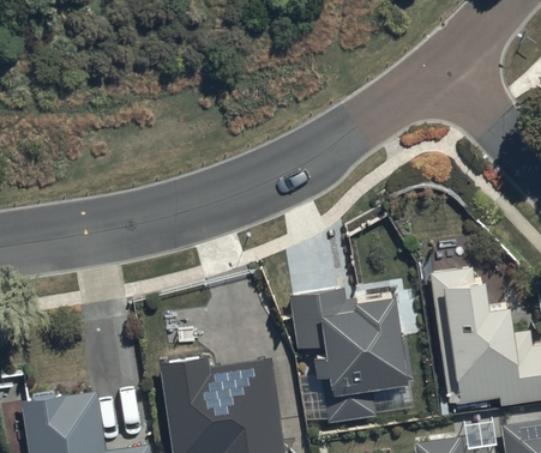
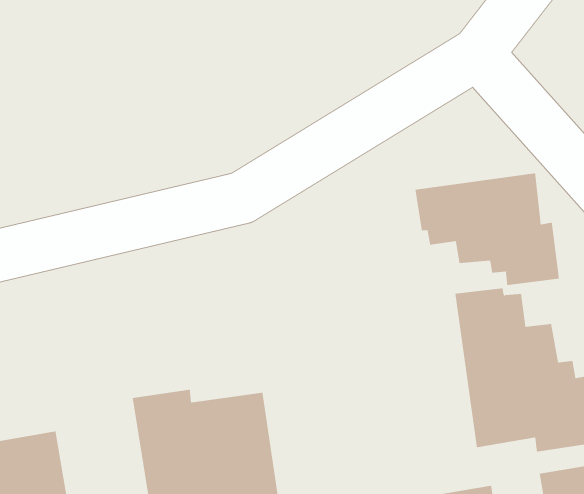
building: none -> [415,172,559,286]
building: [288,288,409,423] -> none

